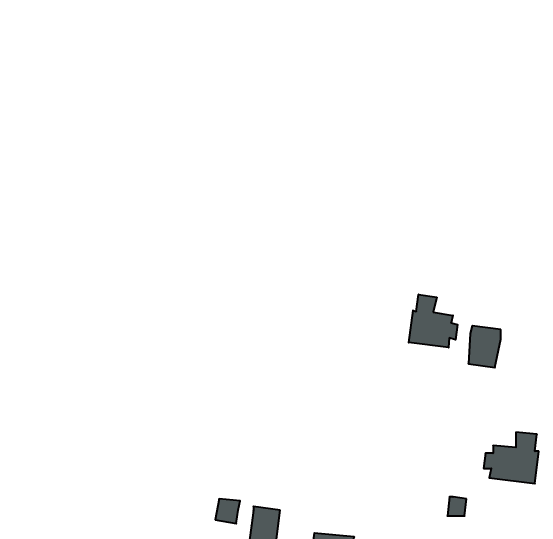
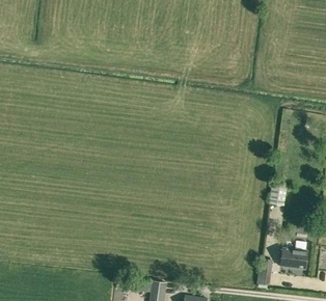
building: [409,294,458,348] -> none

